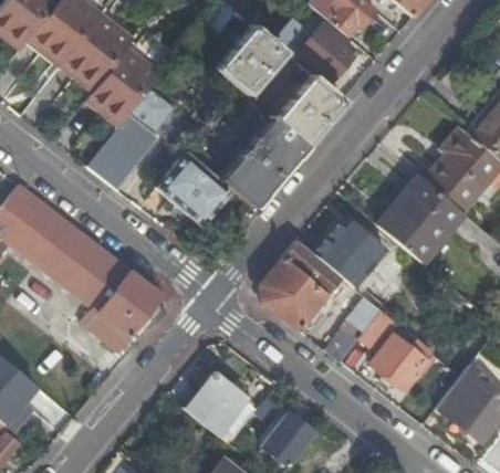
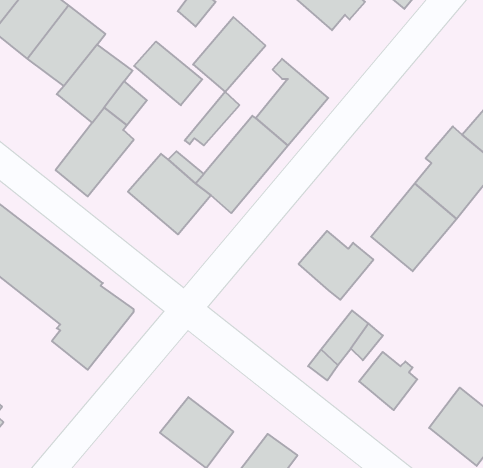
building: [296,22,356,82] -> none
building: none -> [134,42,202,105]
building: [260,240,343,329] -> none

